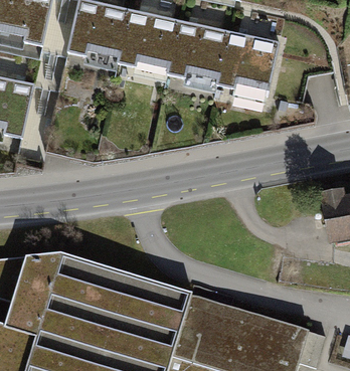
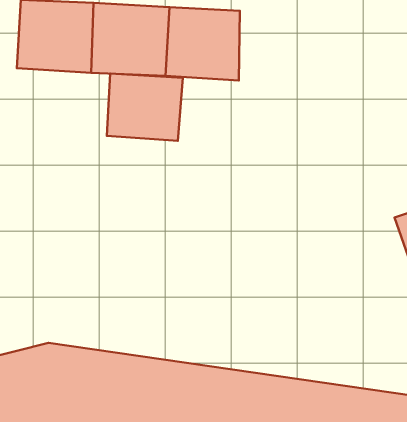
building: [220,41,274,98] -> none
building: none -> [107,74,183,141]

